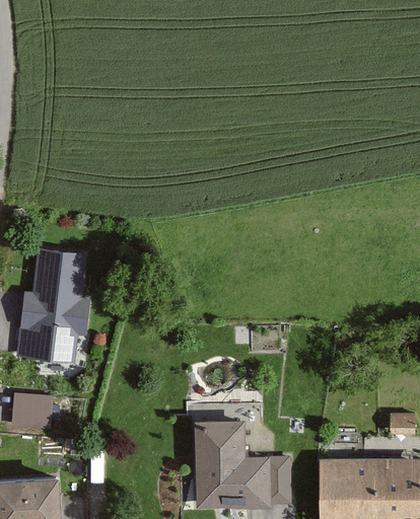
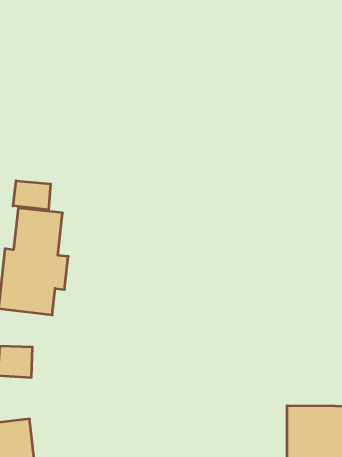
building: none -> [13,181,51,210]
building: [192,419,293,509] -> none

